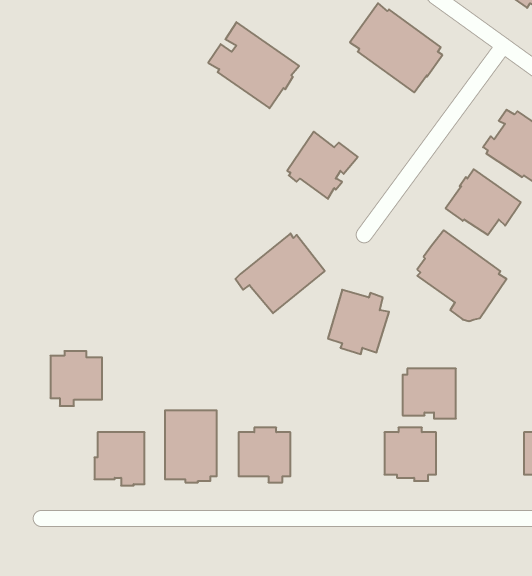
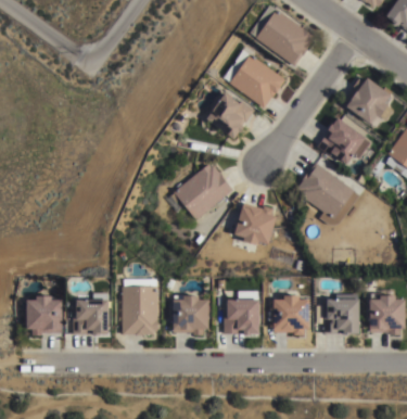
building: [208,22,299,108] -> [222,48,285,107]
building: [50,351,102,406] -> [25,297,61,335]
building: [403,369,456,419] -> [323,301,360,335]
building: none -> [224,302,259,338]

